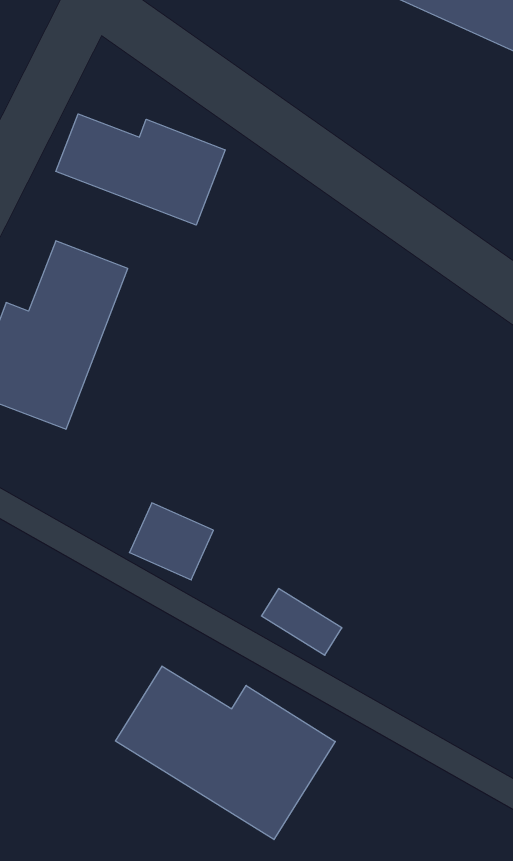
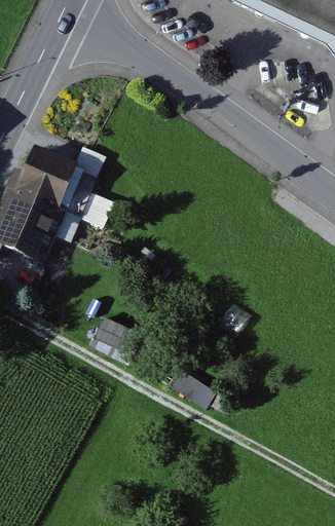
building: [56,114,225,225] -> none
building: [115,666,335,840] -> none

